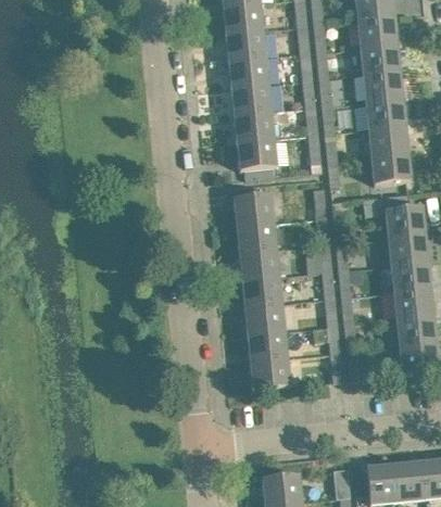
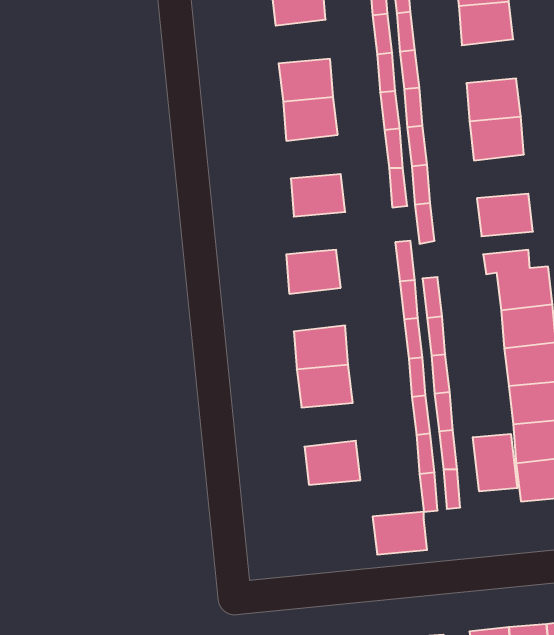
building: [227,28,266,60] -> none
building: [361,42,400,74] -> none
building: [235,111,274,142] -> none
building: [369,125,408,156] -> none
building: [237,220,277,252] -> none
building: [245,303,285,334] -> none
building: none -> [473,434,517,491]
building: [251,358,290,389] -> [373,512,427,554]

